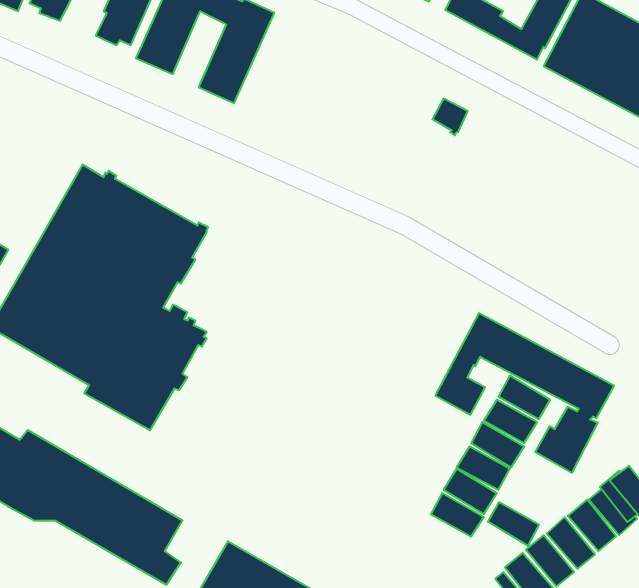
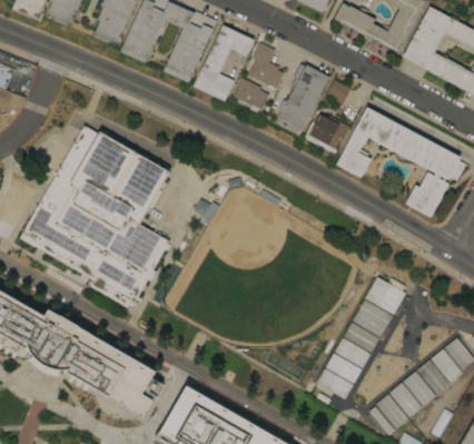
building: none -> [194,24,255,100]
building: none -> [249,41,284,90]
building: none -> [276,63,330,132]
building: none -> [234,77,269,112]
building: none -> [304,114,350,154]
building: [435,313,614,473] -> [337,107,461,217]
building: [488,502,539,546] -> [316,368,352,398]

